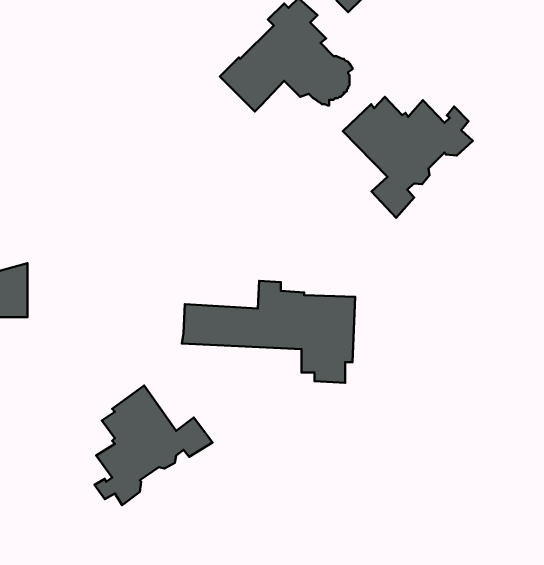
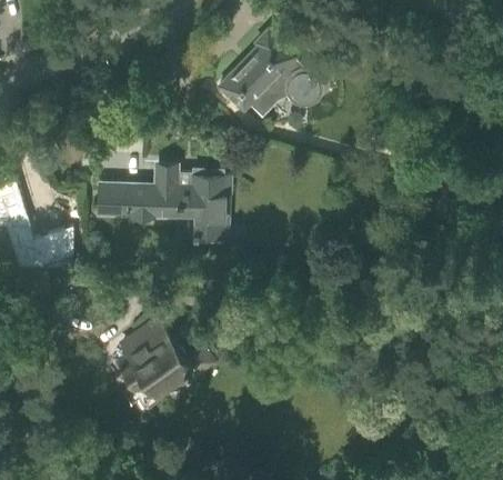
building: [343,97,473,218] -> none
building: [182,281,355,383] -> [97,163,229,241]

